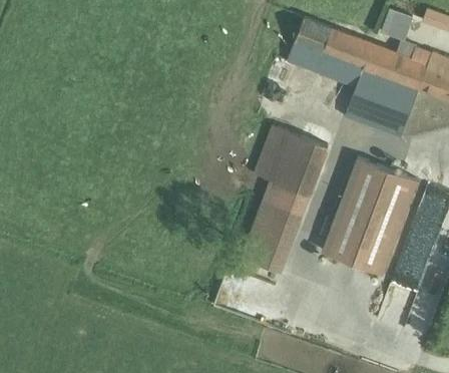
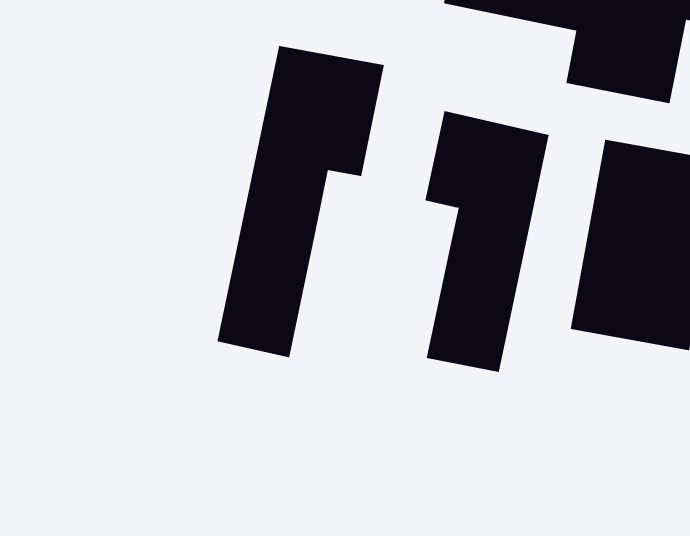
building: none -> [217,45,385,358]

